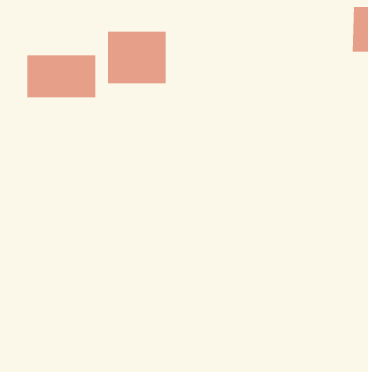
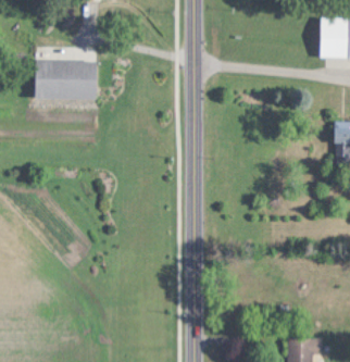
building: [107,31,166,84] -> none

